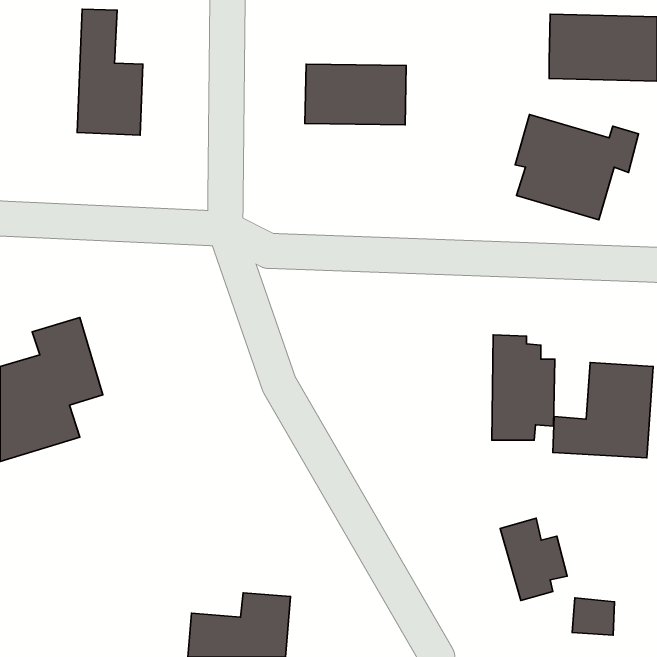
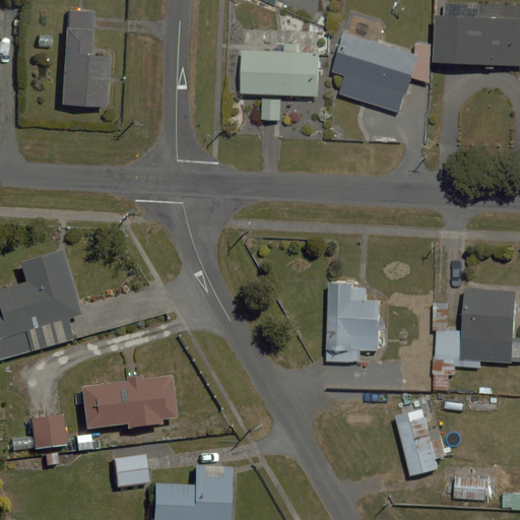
building: [515,115,639,220] -> [336,32,434,116]
building: [492,335,555,440] -> [328,278,378,362]
building: none -> [78,376,173,430]
building: none -> [32,416,64,454]
building: none -> [113,457,145,489]

